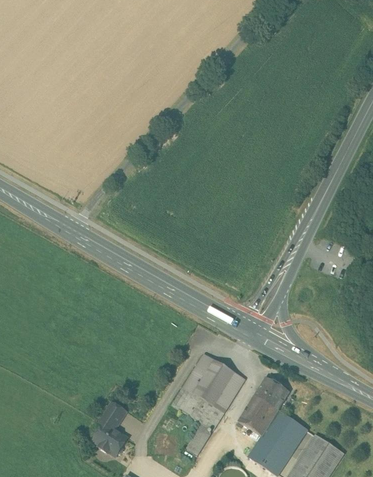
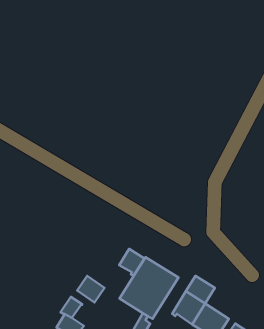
building: none -> [119,249,145,276]
building: none -> [77,276,104,302]

